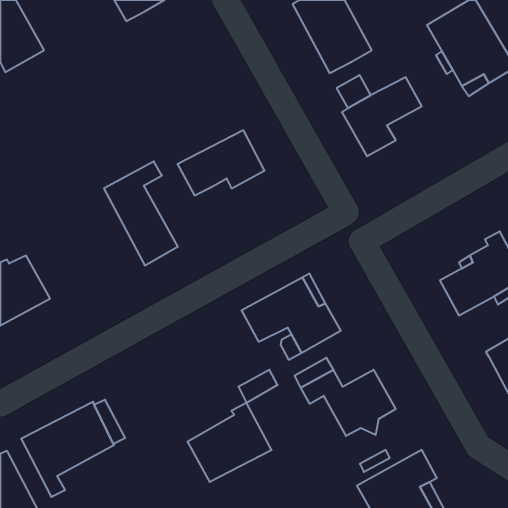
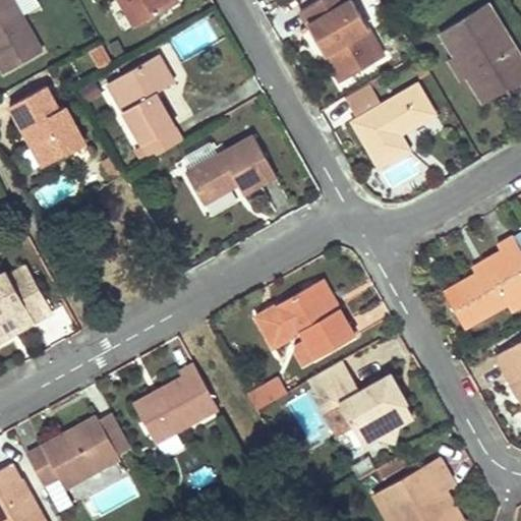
building: none -> [15,89,91,169]
building: [104,161,178,266] -> [106,55,181,161]
building: [187,403,272,482] -> [132,360,218,441]

